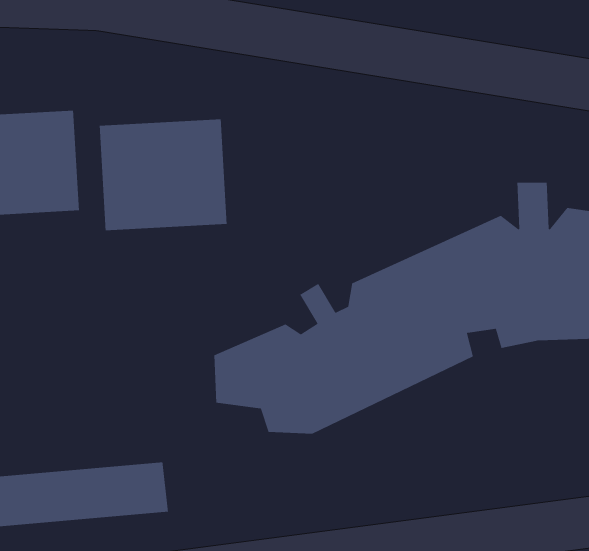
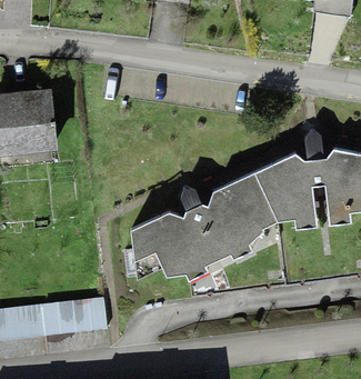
building: [99,119,227,231] -> none

